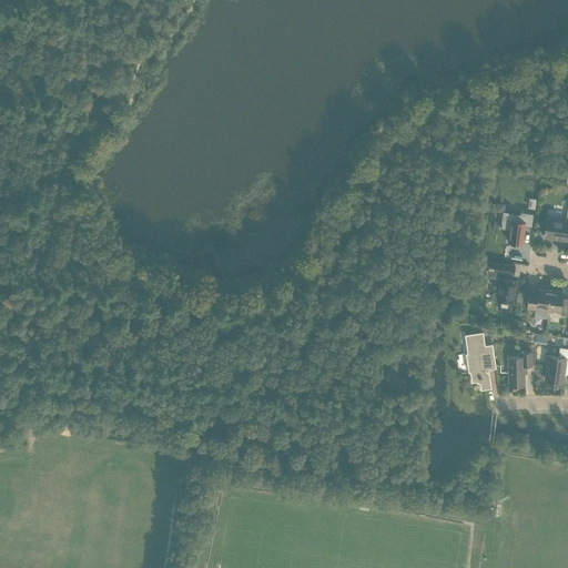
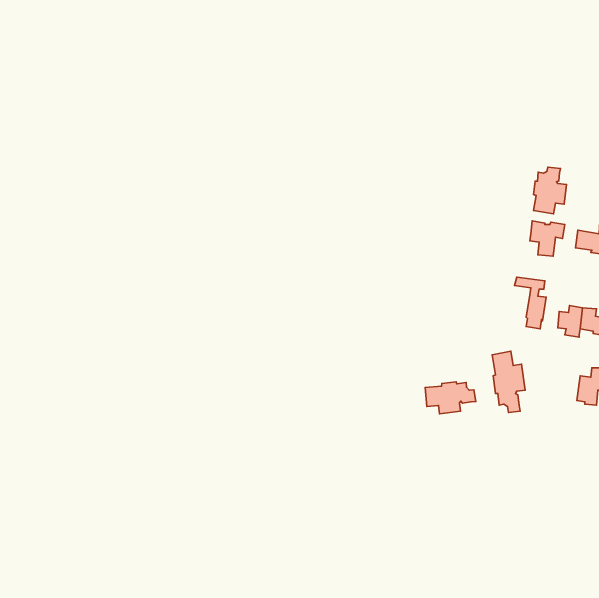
building: none -> [533,167,567,214]
building: [509,353,535,386] -> none
building: none -> [425,382,476,414]

